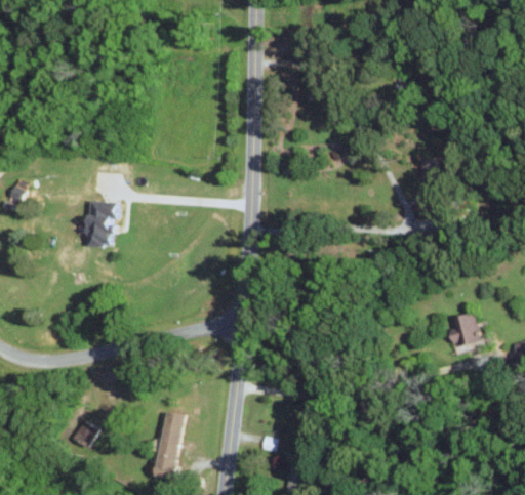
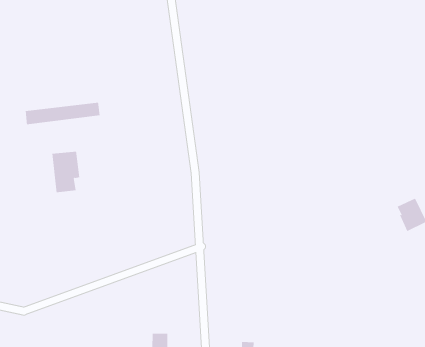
building: none -> [25,102,100,125]

